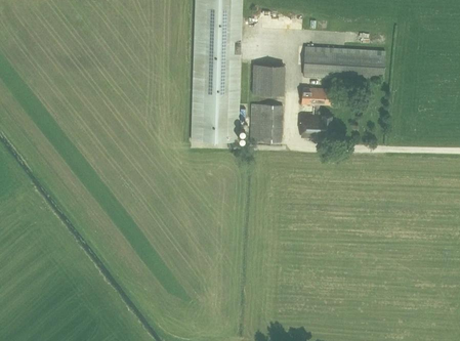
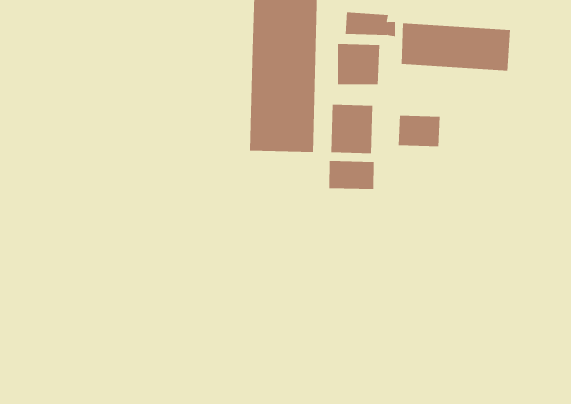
building: [300,87,338,105] -> [345,12,396,37]
building: none -> [329,160,374,190]

